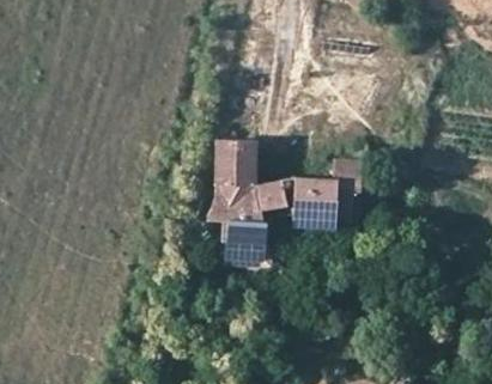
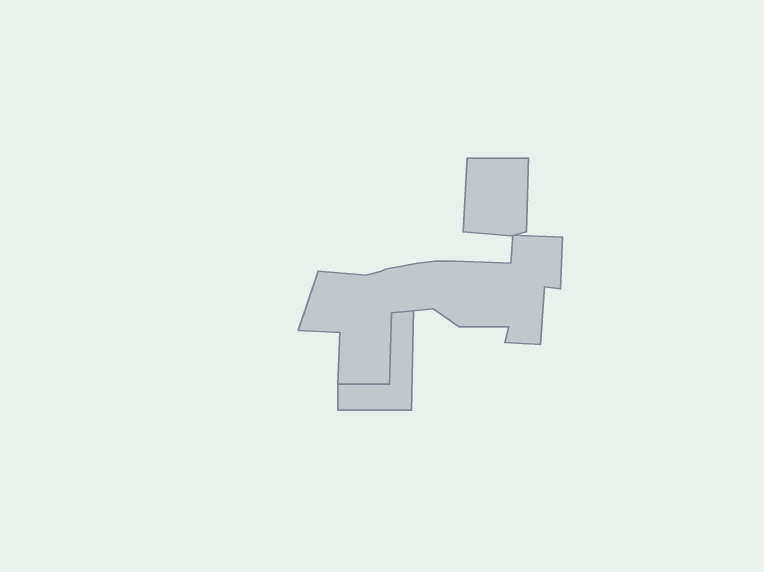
building: [215,140,255,187] -> [463,158,529,236]

